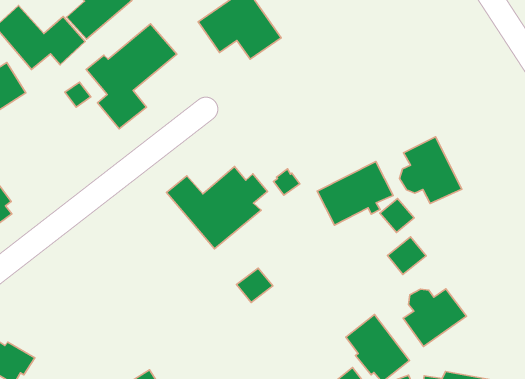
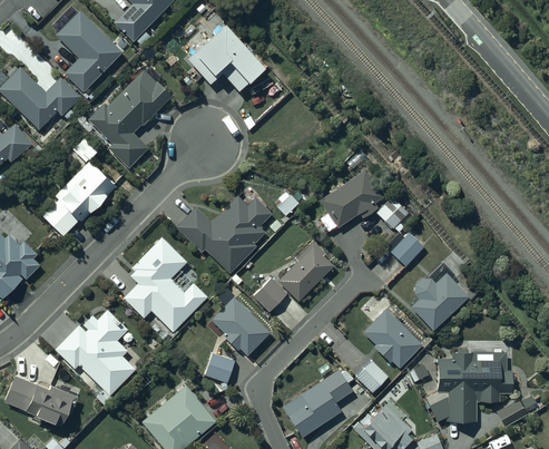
building: none -> [43,159,120,231]
building: [399,137,462,204] -> none
building: none -> [119,236,208,334]
building: none -> [277,247,332,302]
building: none -> [56,312,134,393]
building: none -> [212,299,269,357]
building: none -> [204,354,235,383]

